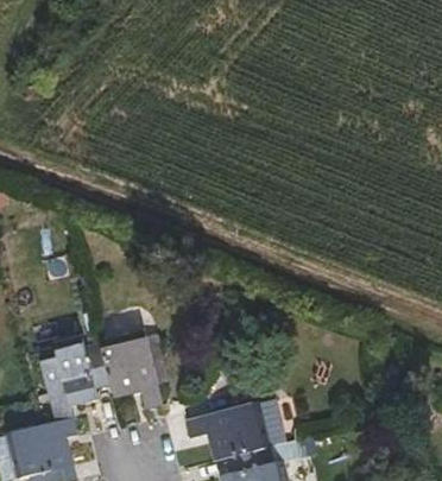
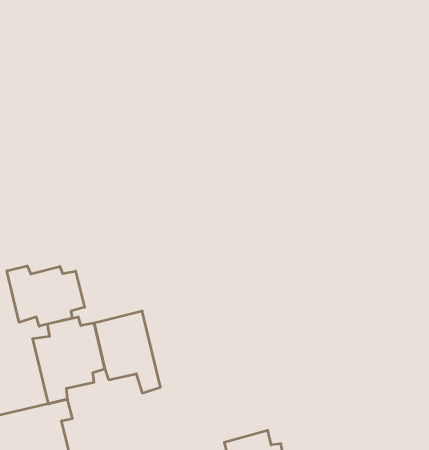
building: none -> [7,266,85,326]
building: [185,403,270,462] -> none

